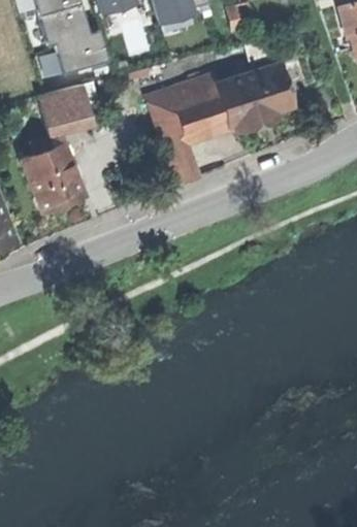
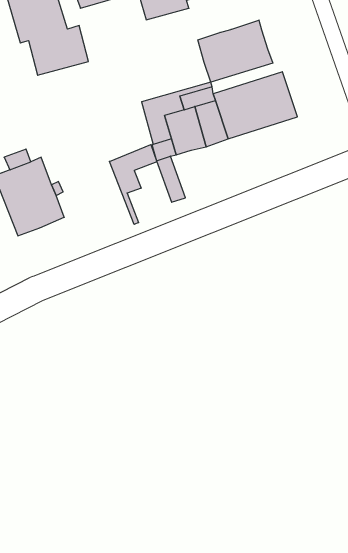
building: none -> [198,20,273,82]
building: [39,86,92,127] -> none
building: none -> [109,145,157,224]

